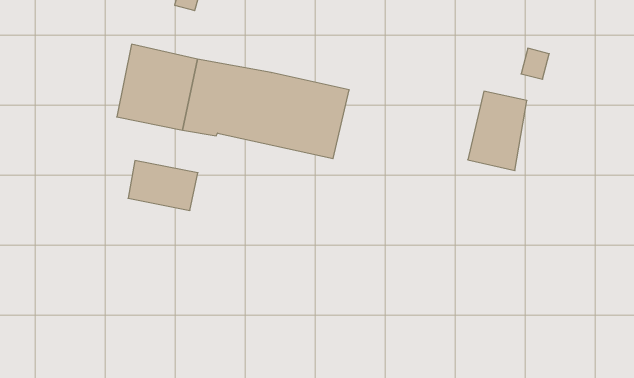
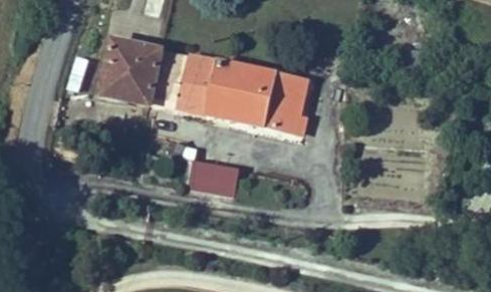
building: [468,91,527,171] -> [262,71,306,130]
building: [128,161,198,210] -> [186,156,238,193]

